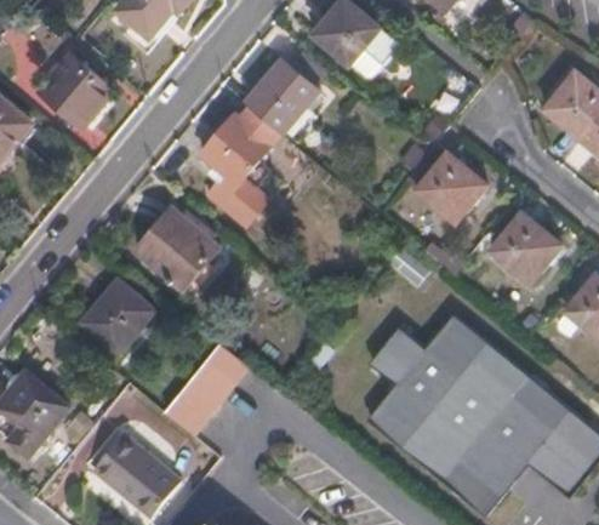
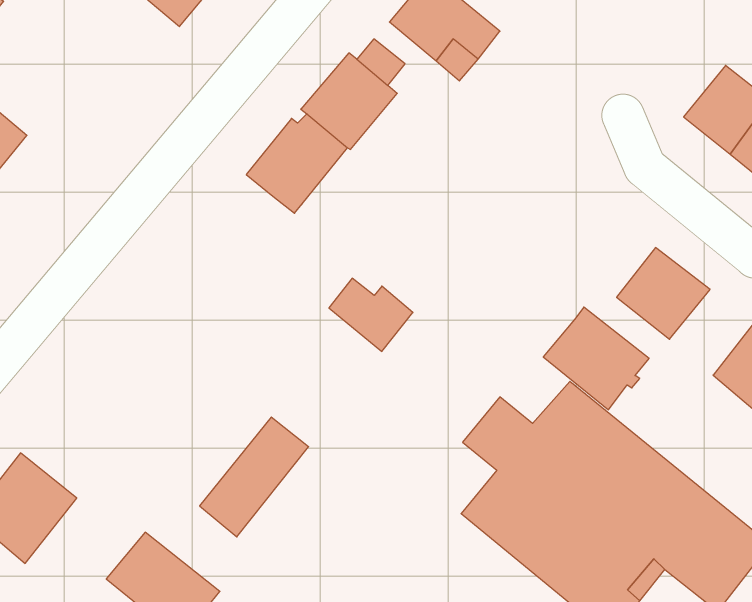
building: [38,55,113,129] -> none
building: [403,142,485,222] -> [543,307,649,410]
building: [202,171,268,228] -> [329,278,413,351]
building: [135,207,217,289] -> none
building: [80,279,153,353] -> none

